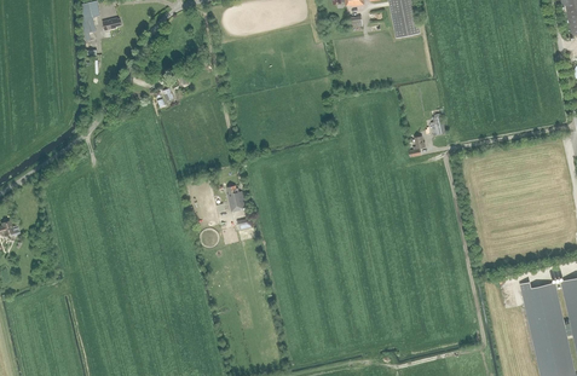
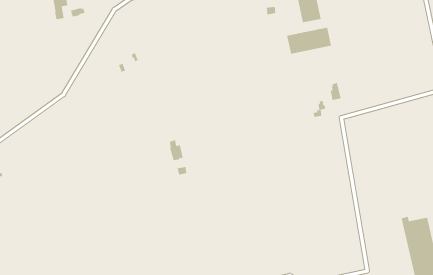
building: none -> [287,27,332,55]

